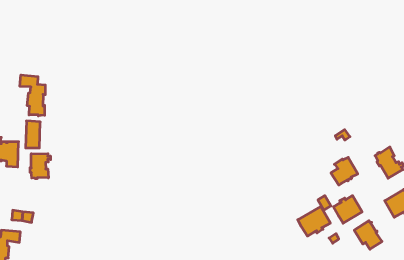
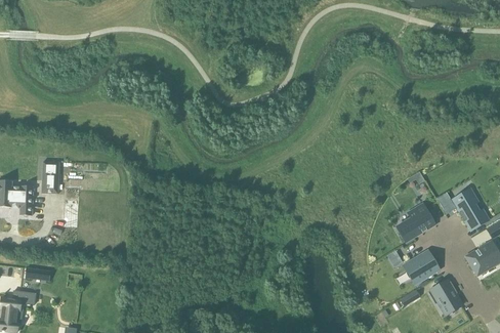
building: [20,75,45,116] -> none
building: [30,154,51,179] -> none
building: [298,207,330,236] -> none

